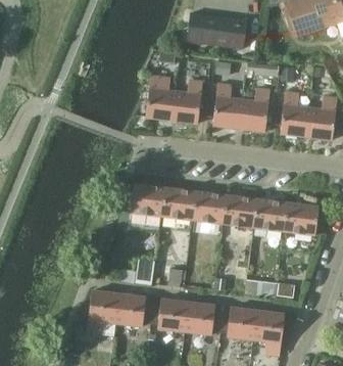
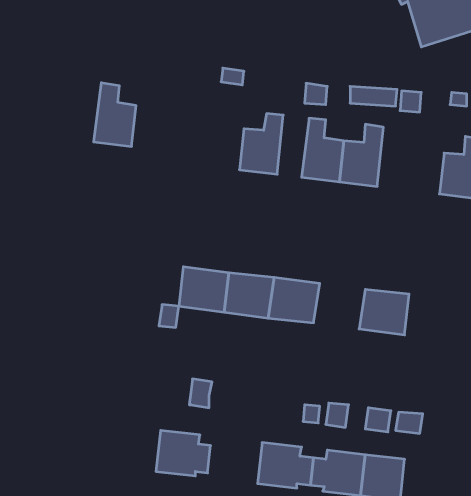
building: [187,13,247,48] -> none
building: [147,76,176,119] -> [94,83,136,146]
building: [282,92,310,135] -> none
building: [223,195,257,226] -> none
building: [284,202,317,233] -> none
building: [88,291,119,332] -> none
building: [151,300,188,330] -> none

